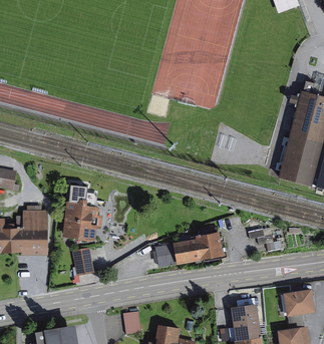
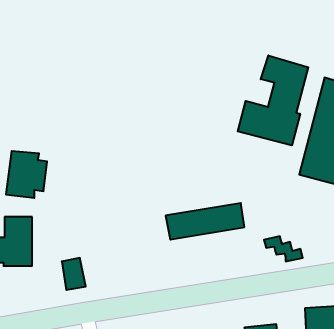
building: none -> [238,55,308,145]
building: [63,200,99,241] -> [6,151,47,198]
building: [155,236,225,268] -> [166,203,244,240]

